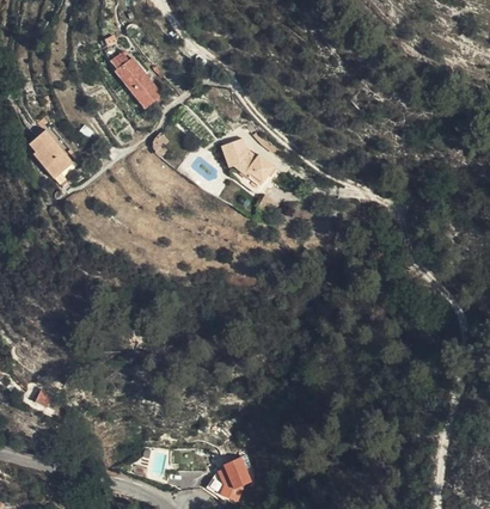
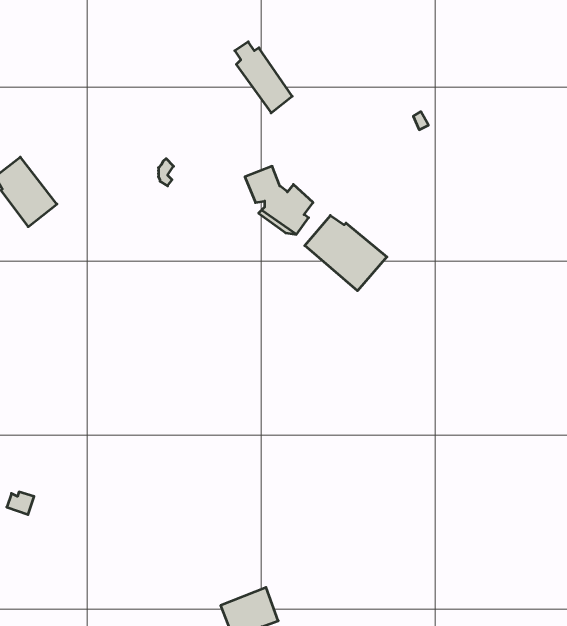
building: [117,48,163,104] -> [235,42,292,113]
building: none -> [305,215,387,291]

